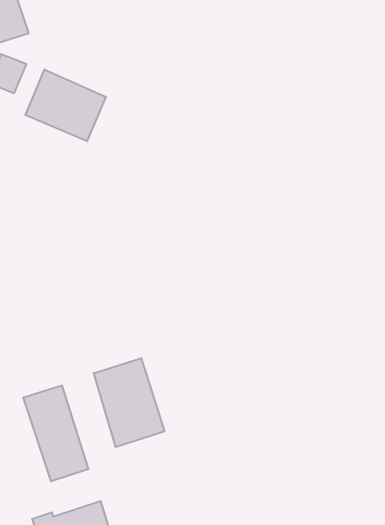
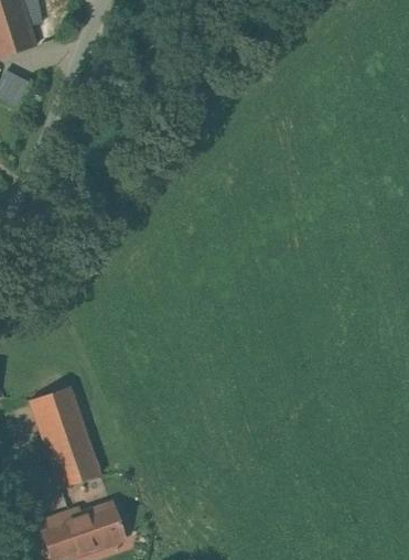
building: [25,69,106,141] -> none
building: [94,358,164,447] -> none

